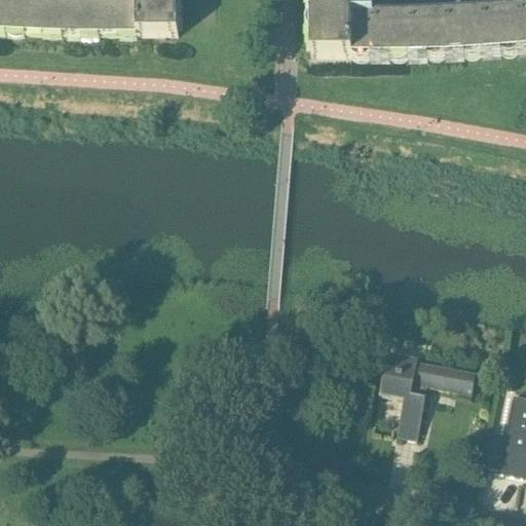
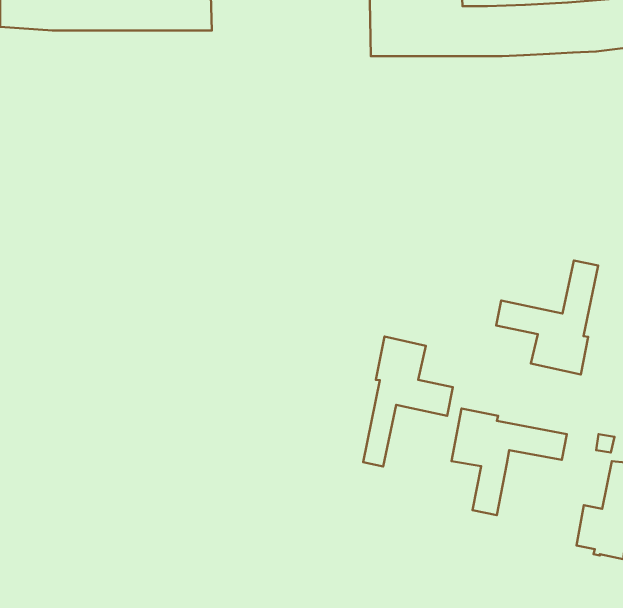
building: none -> [496,260,598,374]
building: none -> [363,337,453,467]

